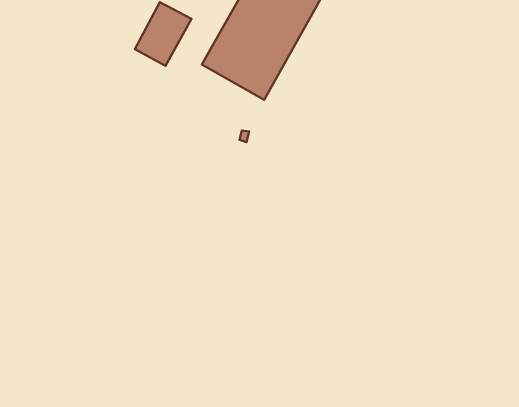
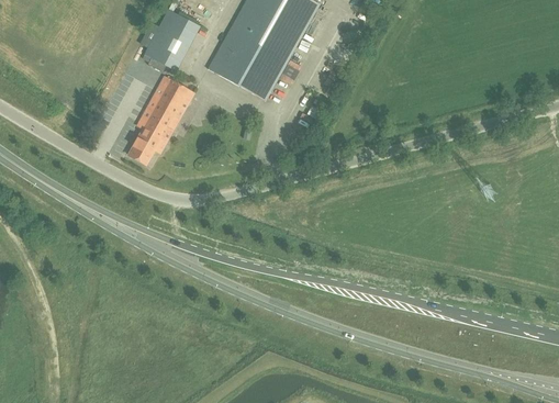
building: none -> [127,77,193,166]

